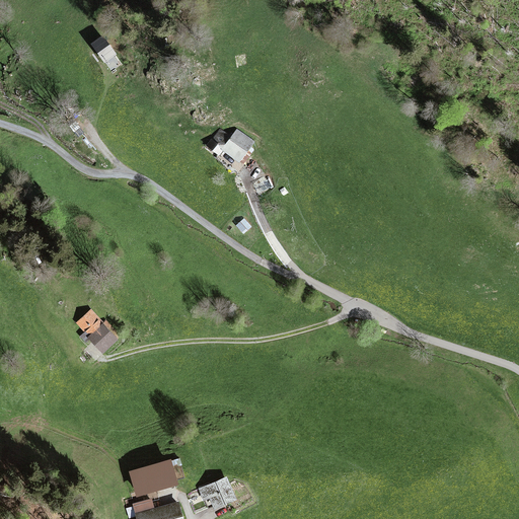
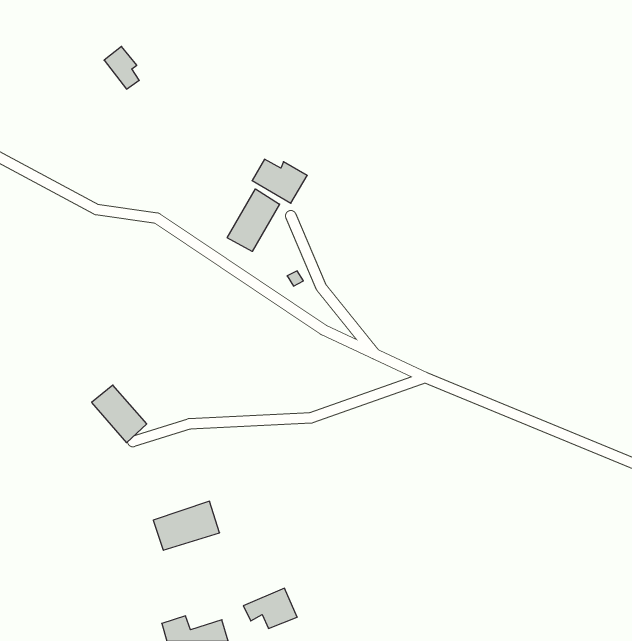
building: none -> [227,189,280,251]
building: [131,456,184,496] -> [153,501,220,550]

